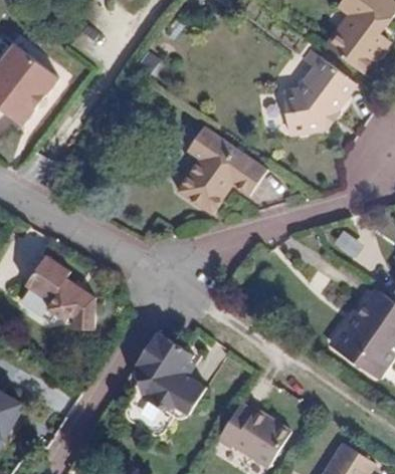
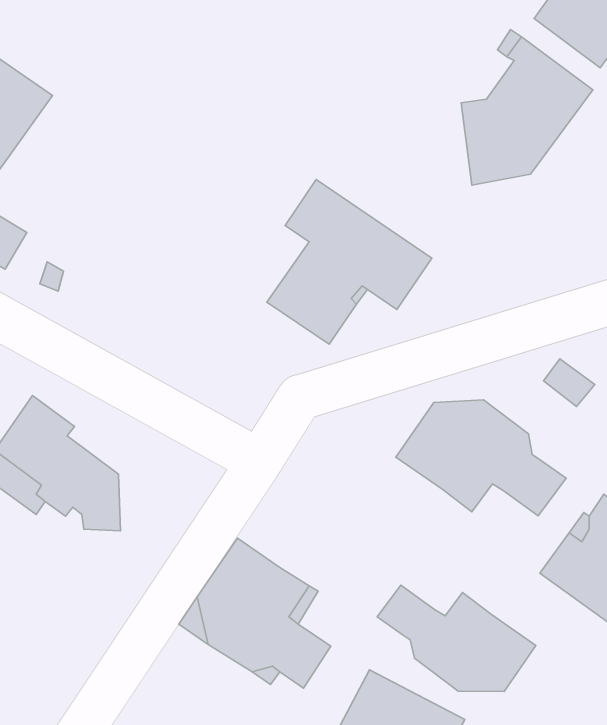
building: none -> [396,400,566,516]
building: none -> [377,585,536,691]

